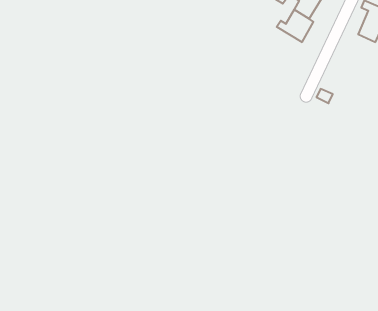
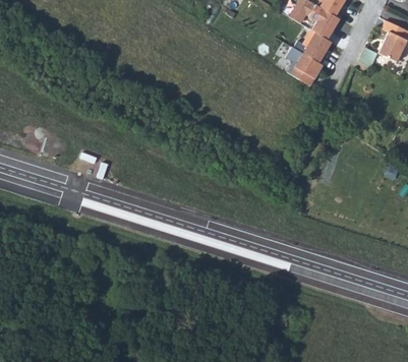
building: none -> [288,45,326,77]

